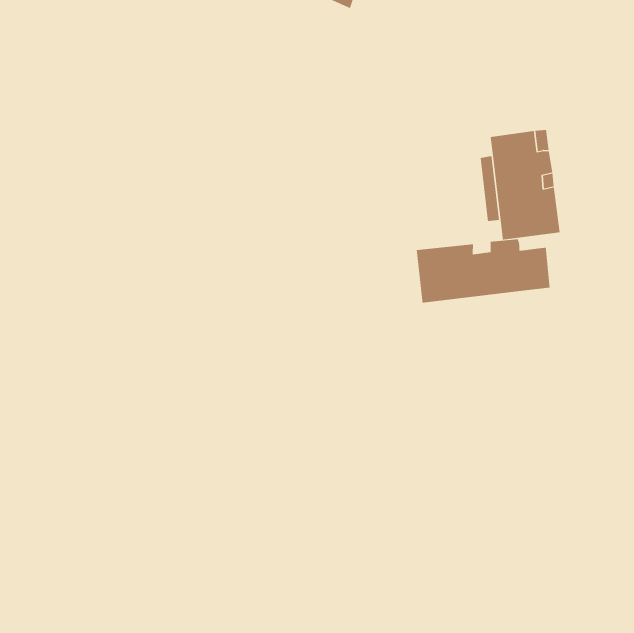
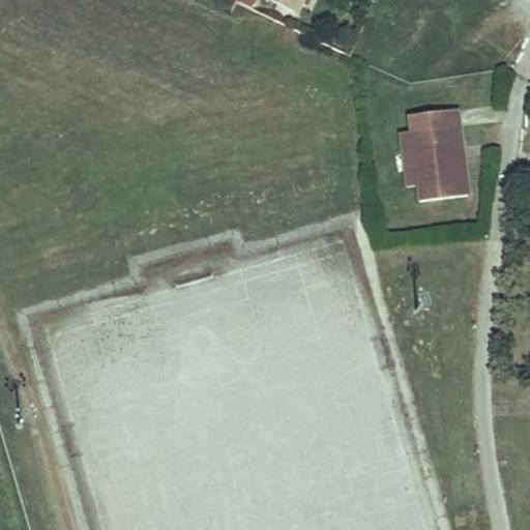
building: [416,239,550,303] -> none

